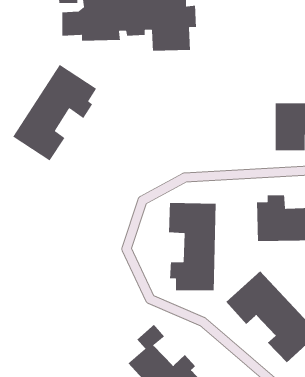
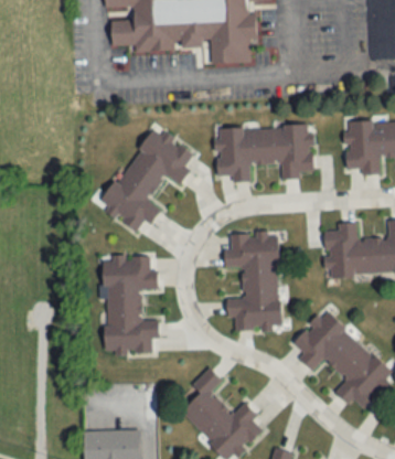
building: [12,64,97,161] -> [99,125,194,234]
building: none -> [216,126,313,182]
building: none -> [104,256,159,353]

